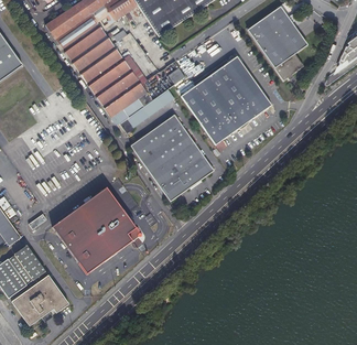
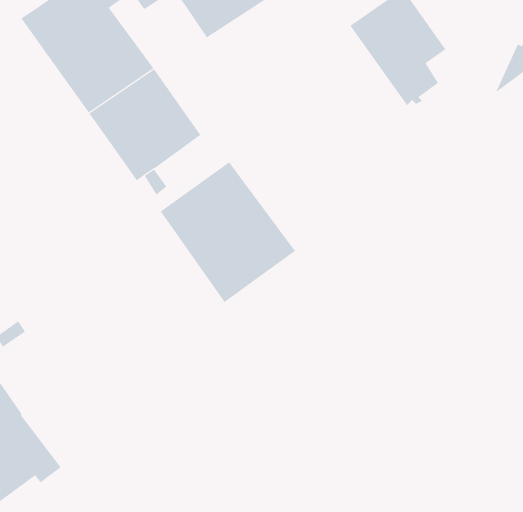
building: [182,55,271,142] -> none
building: [53,186,136,271] -> none

